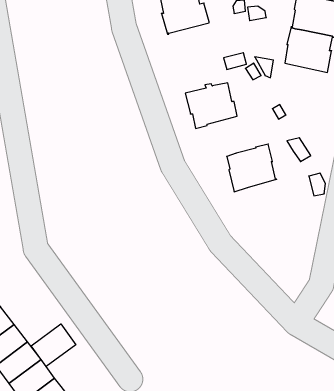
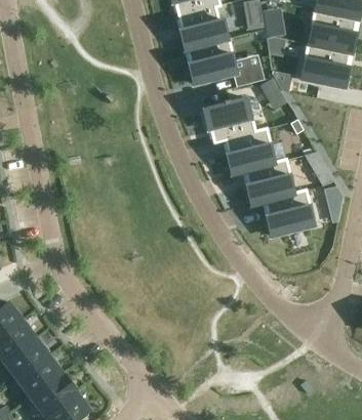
building: none -> [187,38,236,84]
building: none -> [225,128,273,174]
building: none -> [265,190,313,236]
building: [31,324,76,367] -> none

